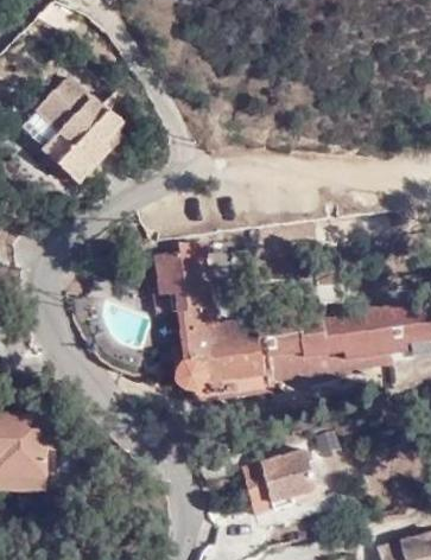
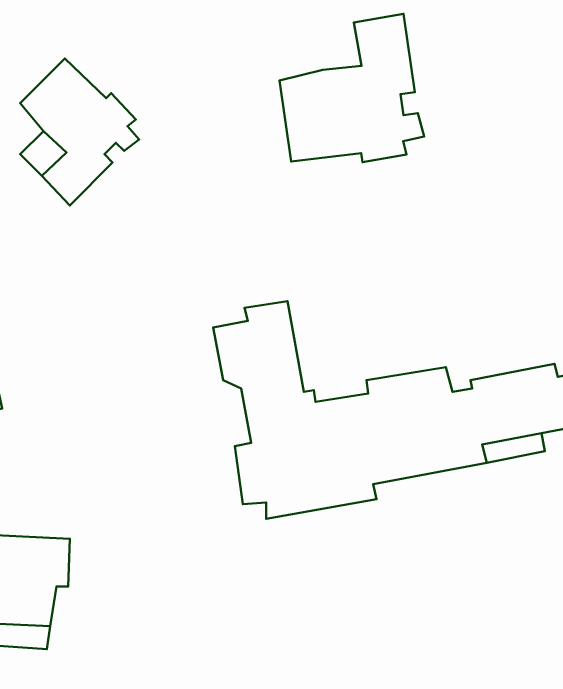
building: none -> [279,14,424,162]
building: [249,444,325,496] -> none

